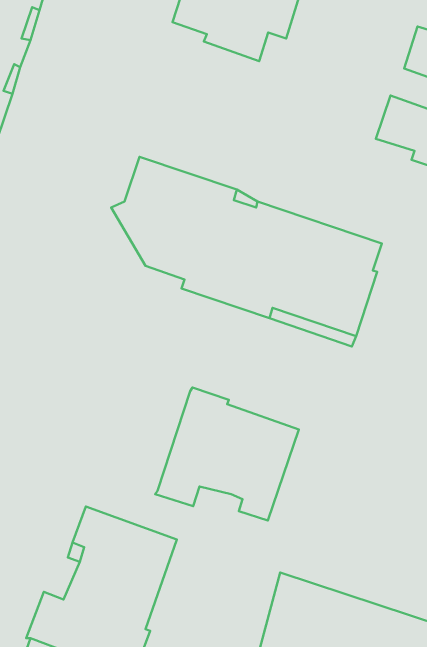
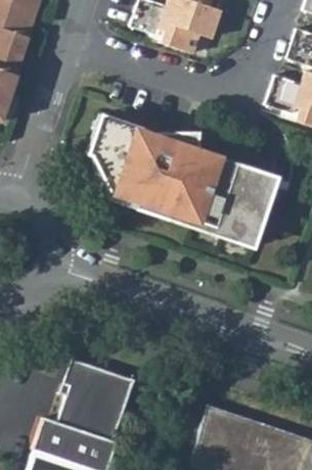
building: [155,388,299,521] -> none

